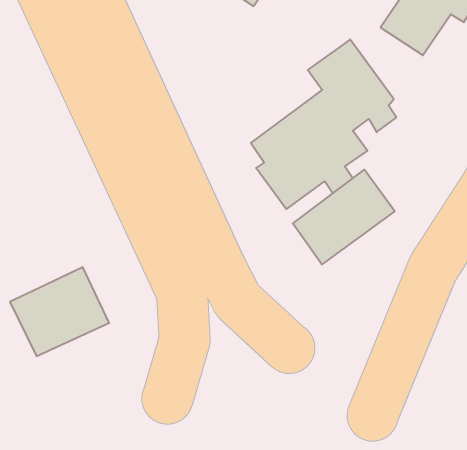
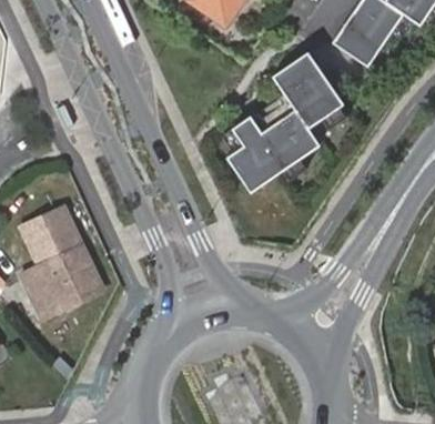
building: [293,170,395,265] -> none
building: none -> [21,203,82,262]

